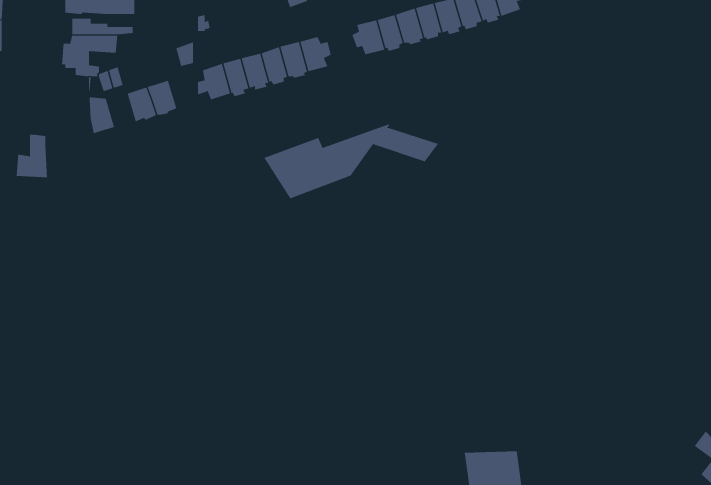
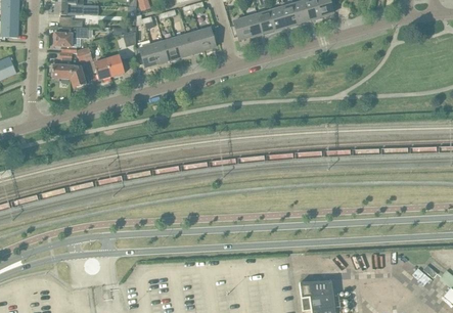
building: [264,124,439,199] -> none
building: [16,134,48,178] -> [52,51,72,78]

